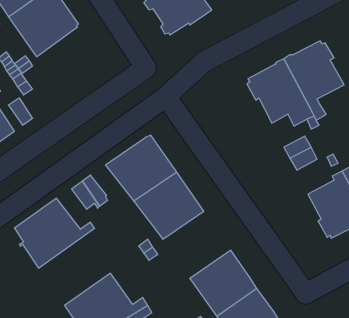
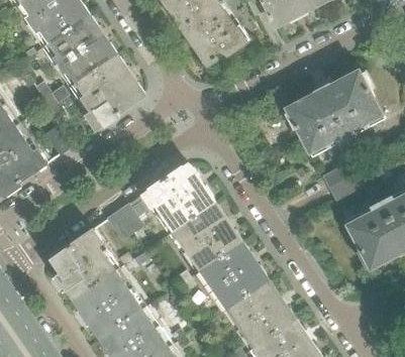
building: none -> [73,56,143,129]
building: none -> [200,242,269,310]
building: none -> [75,259,147,337]

